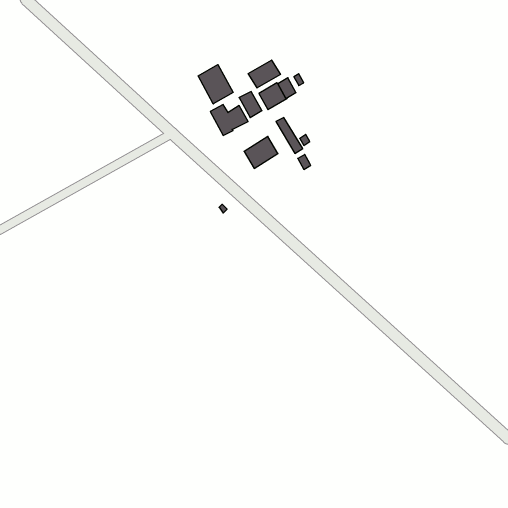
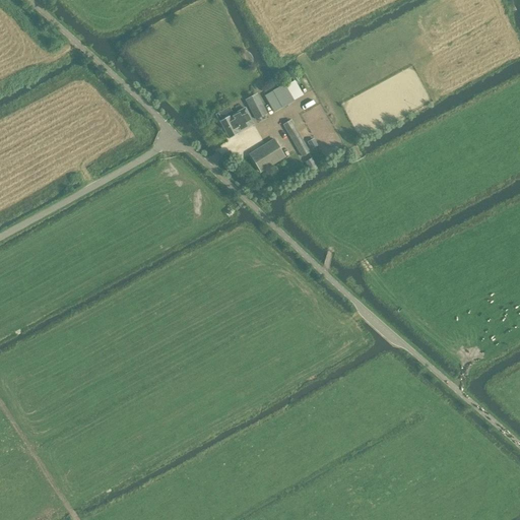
building: [248,60,280,88] -> none
building: [198,65,233,104] -> none

